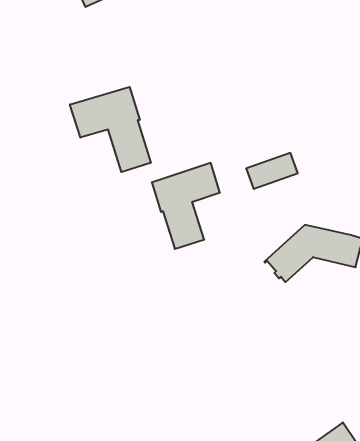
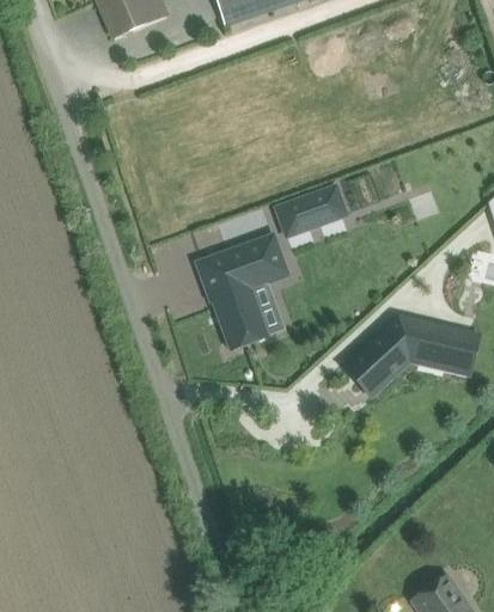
building: [70,87,151,172] -> none
building: [246,153,298,189] -> [279,188,346,234]

